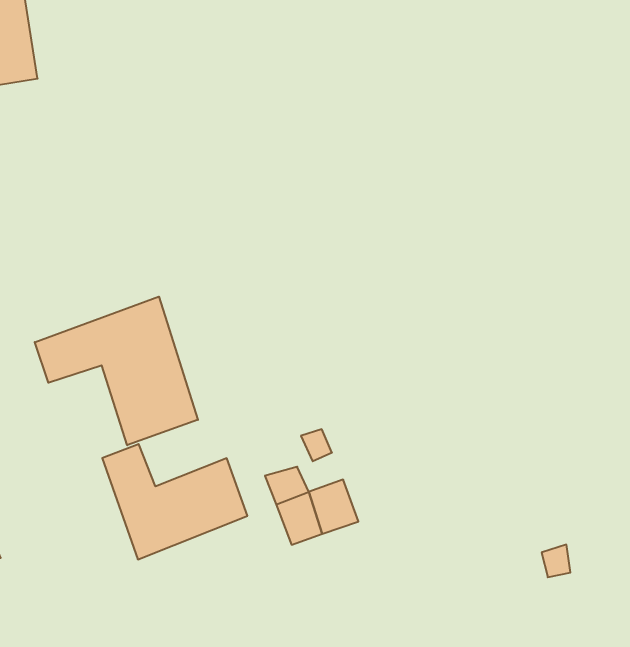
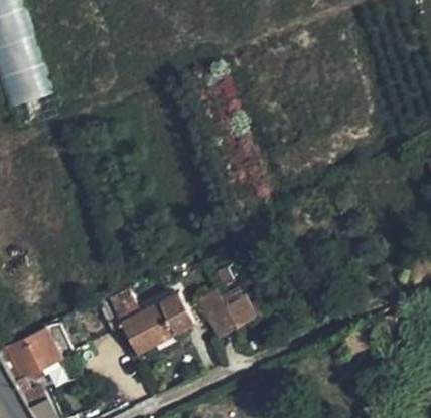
building: [35,297,198,445] -> none

